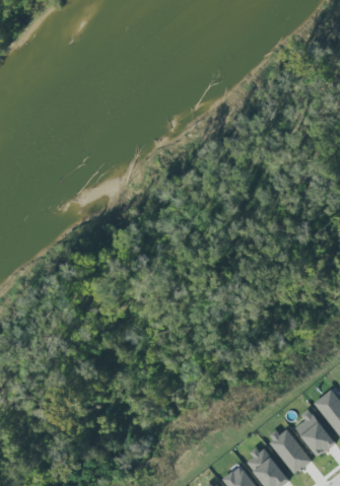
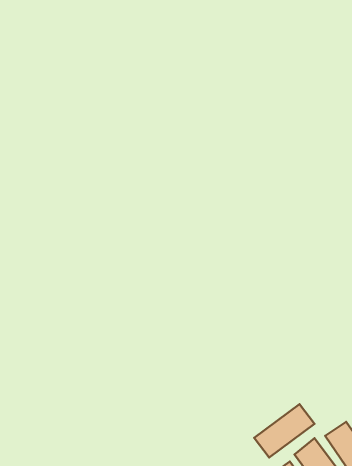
building: none -> [254,404,315,457]

